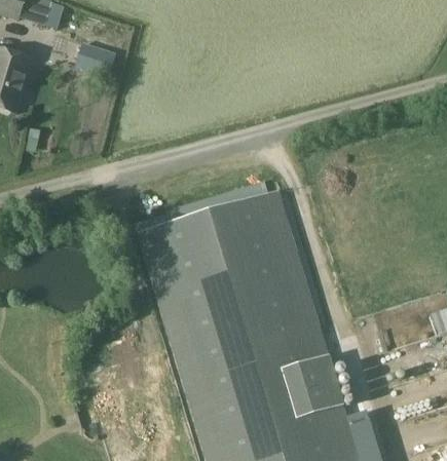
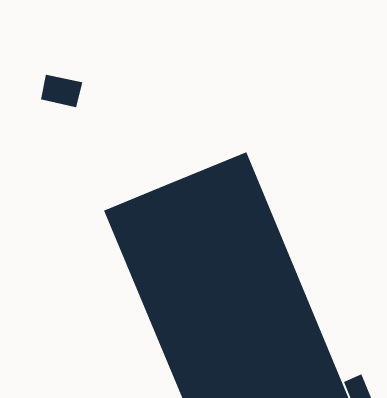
building: [75,44,117,79] -> [40,74,83,108]

